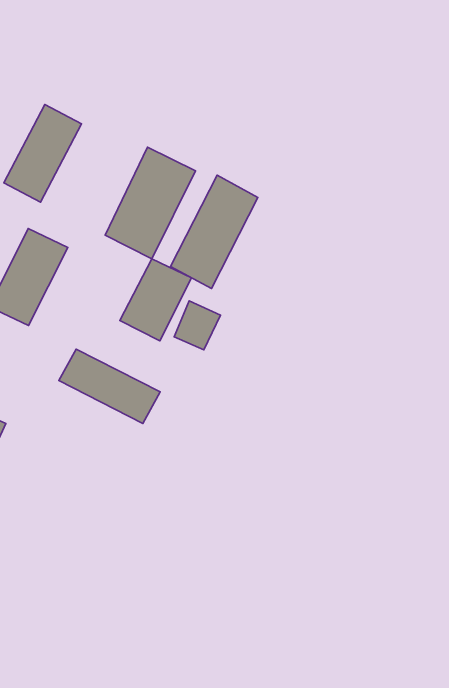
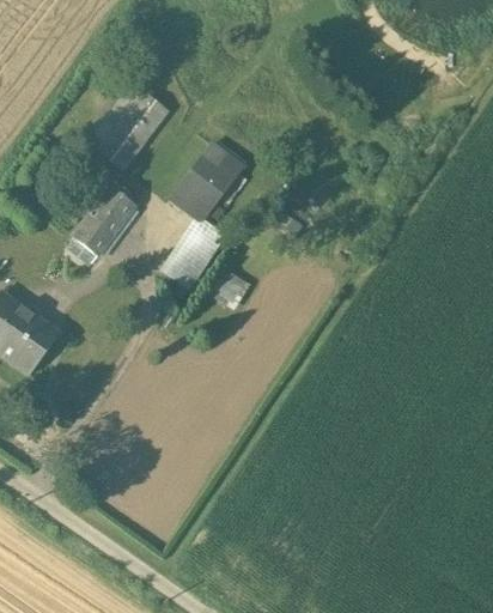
building: [171,175,258,289] -> none
building: [59,349,160,423] -> none

